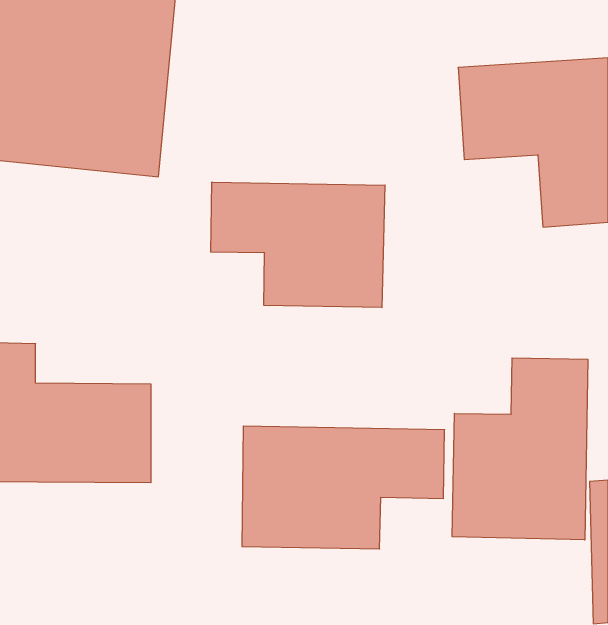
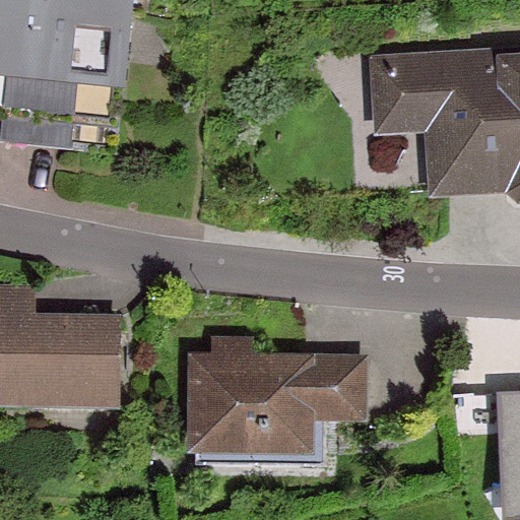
building: [211,182,385,308] -> none
building: [452,358,588,540] -> none

